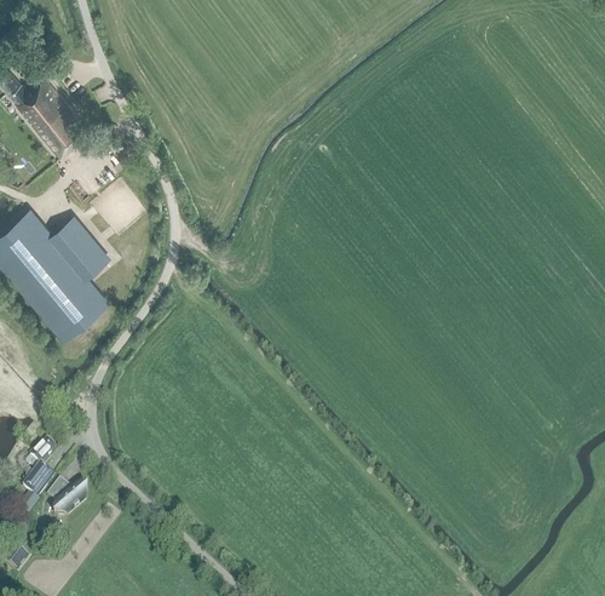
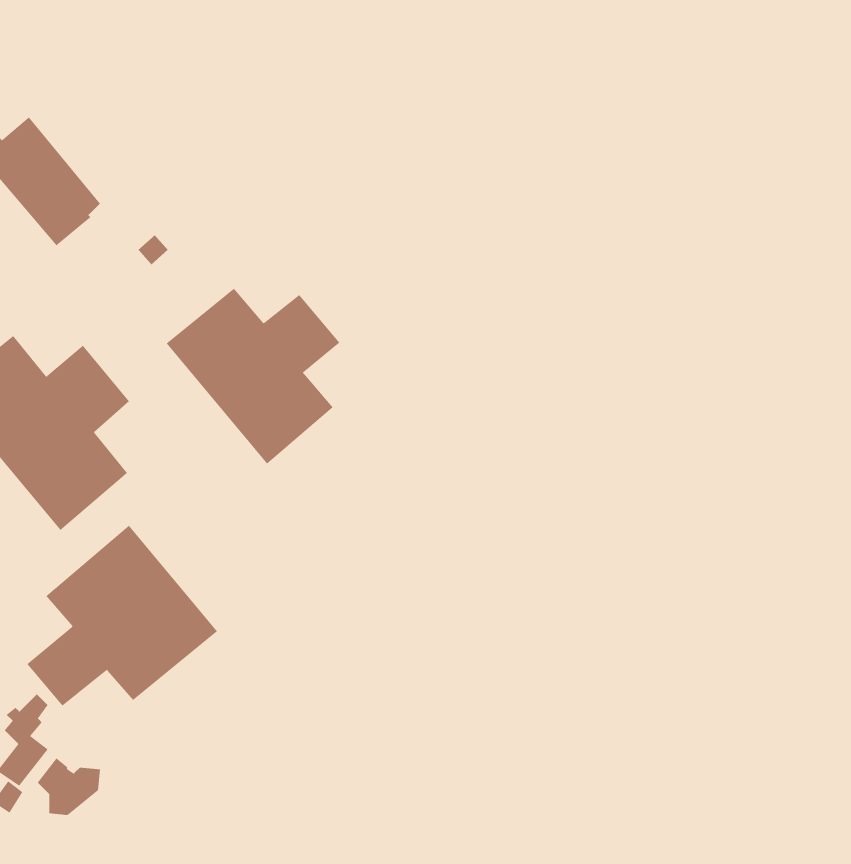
building: none -> [166,288,340,464]
building: none -> [26,525,218,706]

